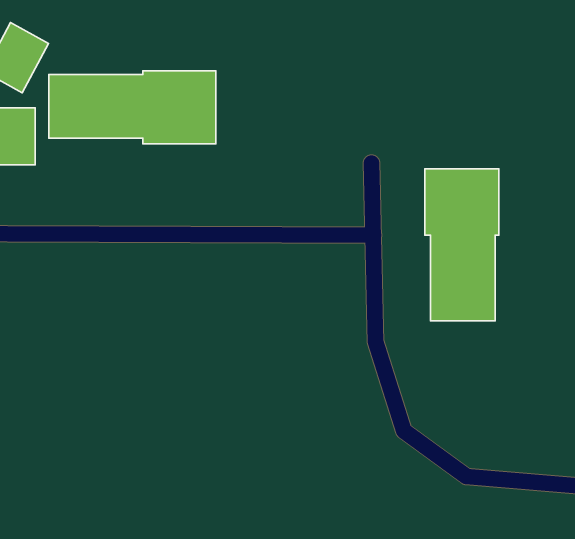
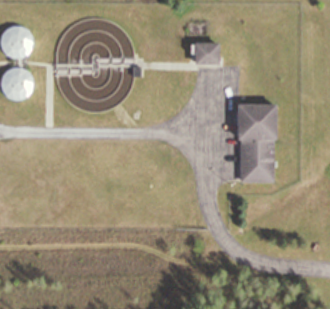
building: none -> [189,43,218,65]
building: [49,71,216,144] -> none

